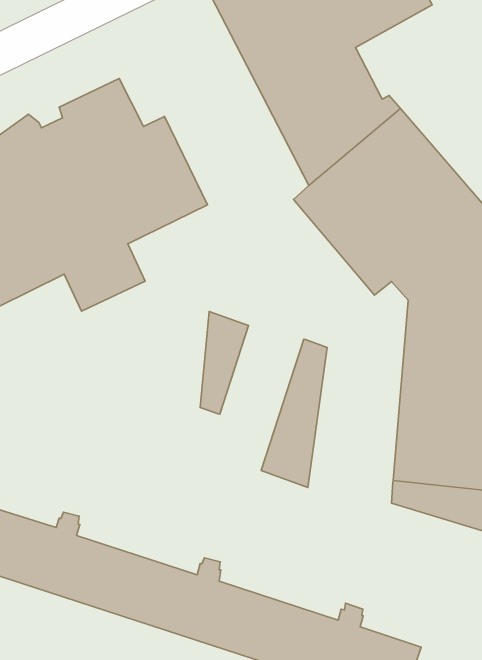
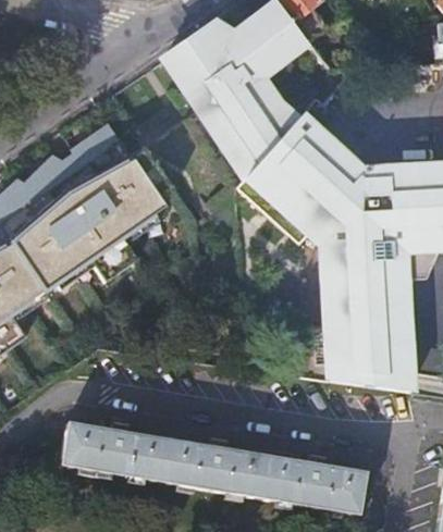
building: [200,312,249,414] -> none
building: [261,339,327,487] -> none

